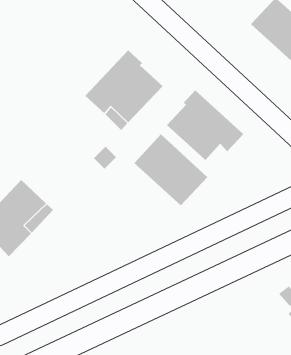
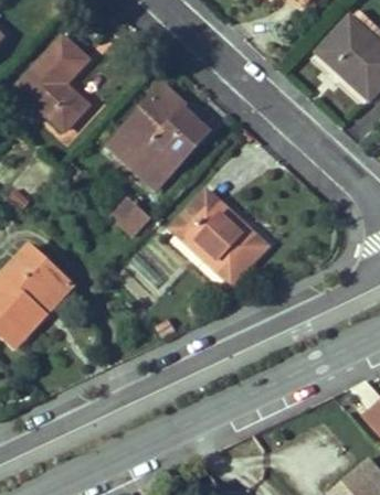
building: none -> [18,35,87,130]
building: [166,89,244,161] -> none

